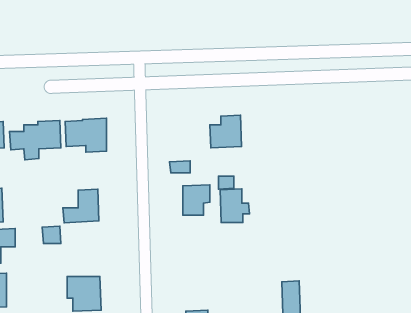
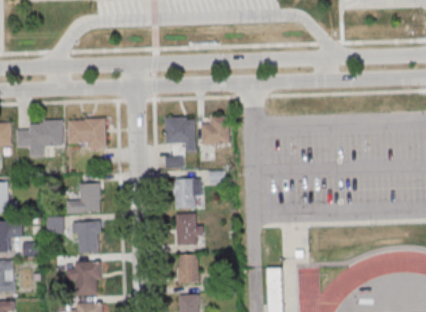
building: none -> [165,117,196,151]
building: [220,189,249,223] -> [176,213,203,244]
building: none -> [72,221,101,253]
building: none -> [178,254,199,283]

